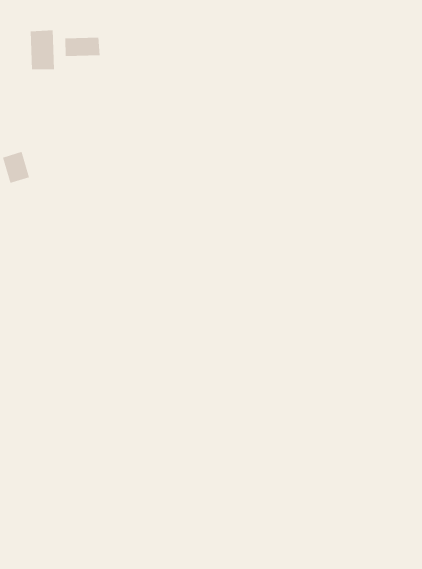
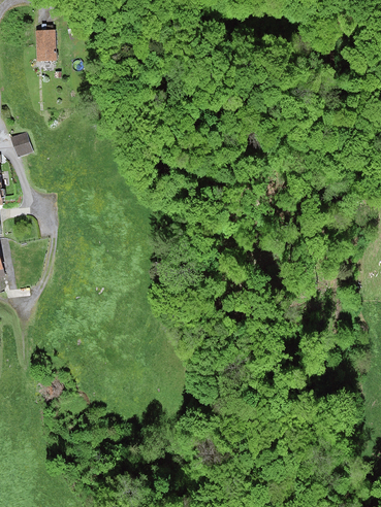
building: [65,37,100,57] -> none

